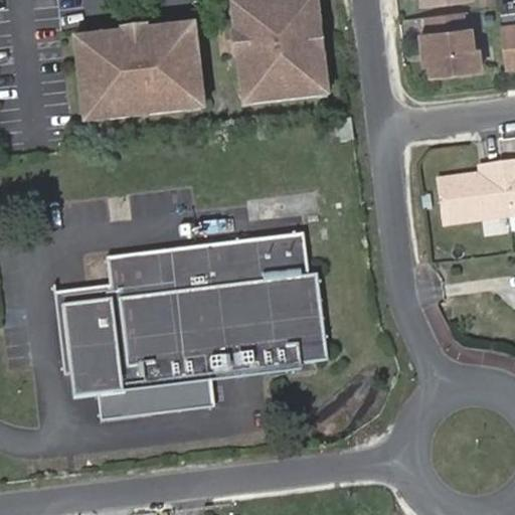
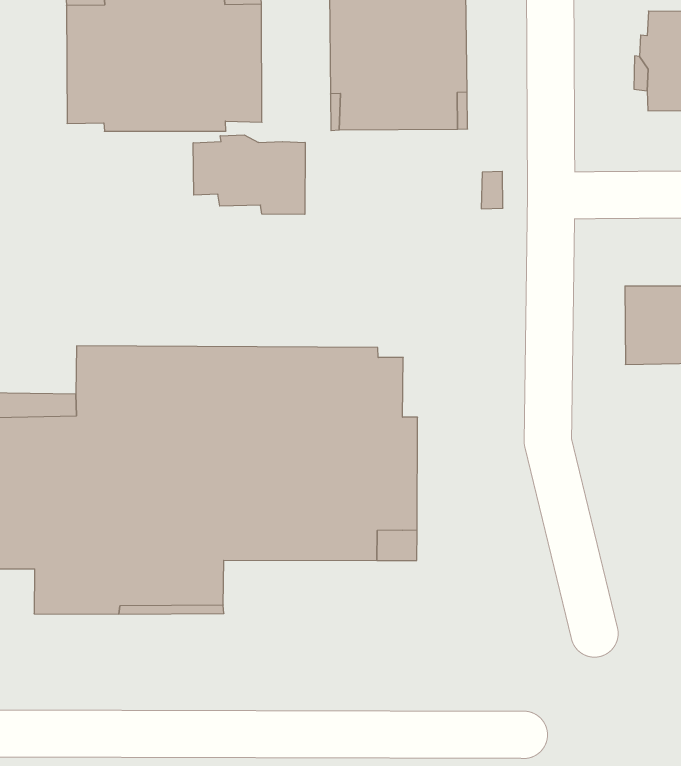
building: none -> [193,135,305,214]

